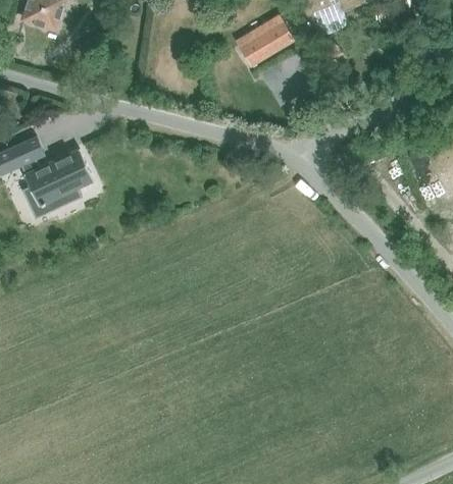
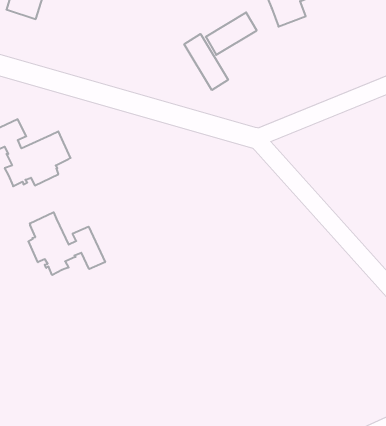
building: none -> [184,34,228,90]
building: none -> [28,212,105,275]

